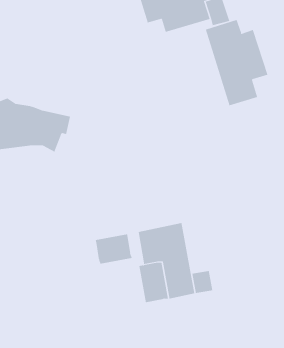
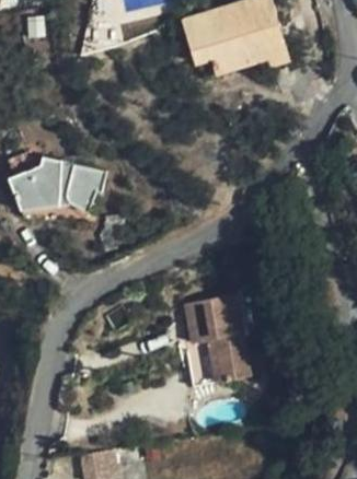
building: [205,19,268,106] -> none
building: [95,233,132,264] -> none

